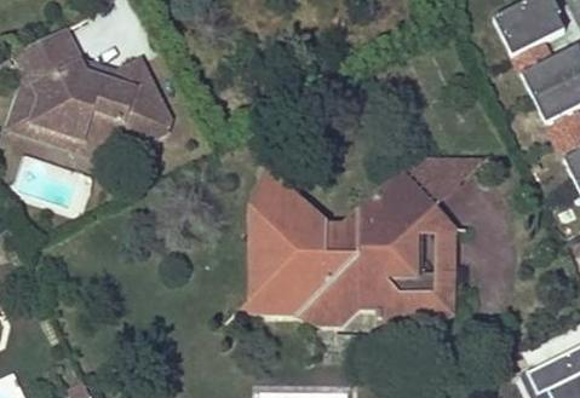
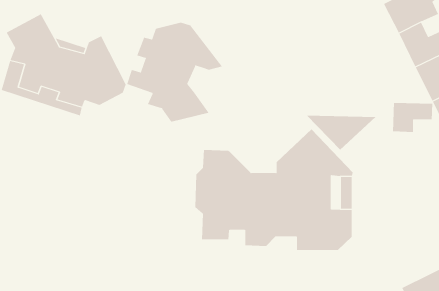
building: none -> [126,22,223,122]
building: none -> [393,102,433,133]

